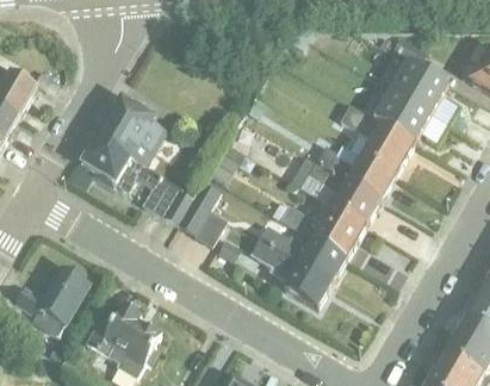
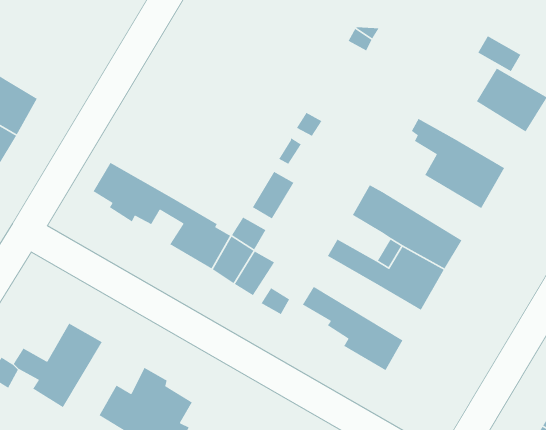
building: [372,89,429,143] -> none
building: [93,95,165,167] -> none
building: [314,145,393,201] -> none
building: [258,225,345,282] -> none

